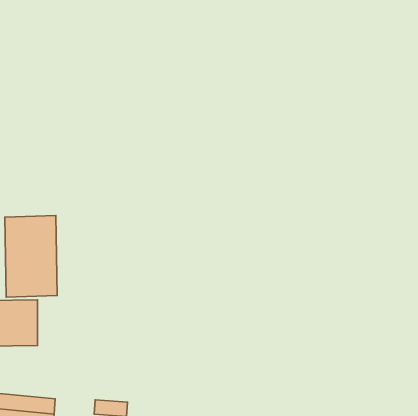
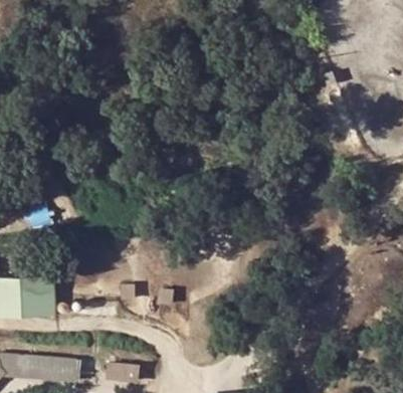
building: [5,216,57,297] -> none

